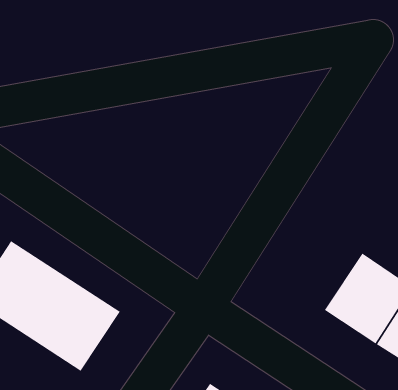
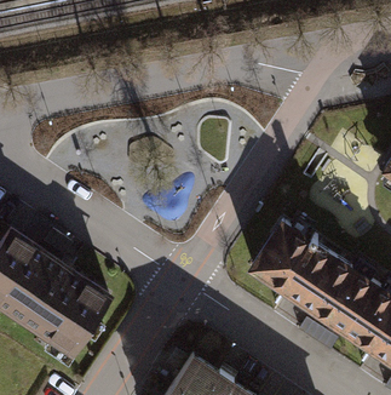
building: none -> [245,216,326,298]

